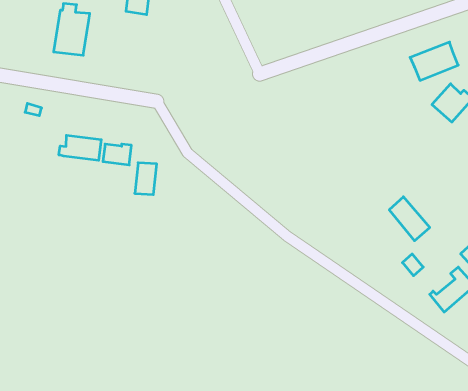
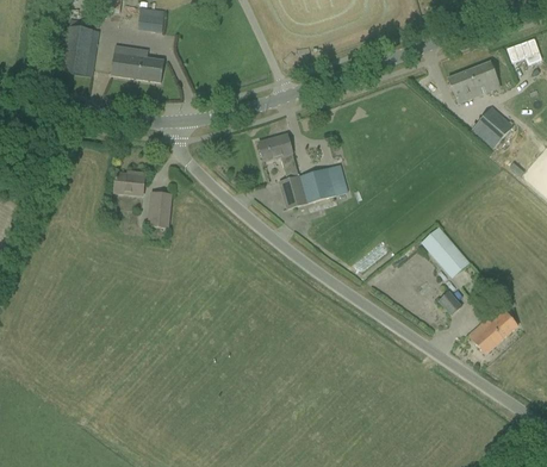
building: none -> [111,45,163,81]
building: none -> [259,133,347,208]
building: [59,135,101,160] -> none

